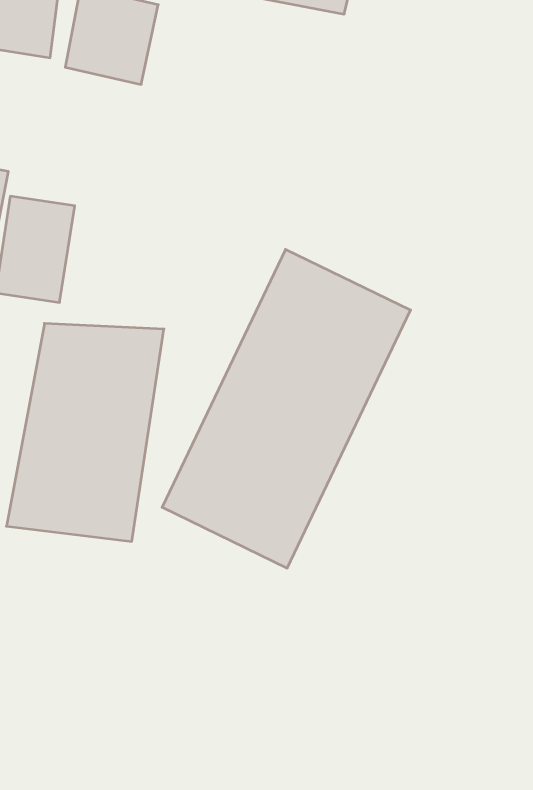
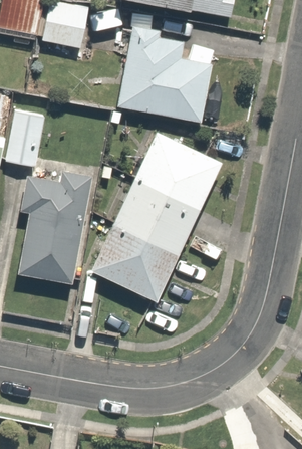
building: none -> [118,22,207,122]

